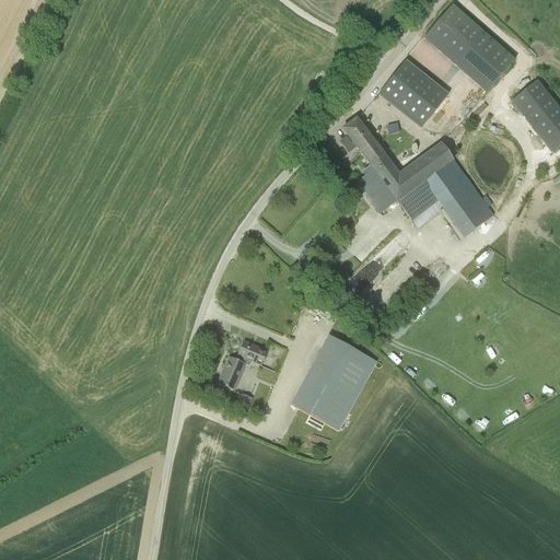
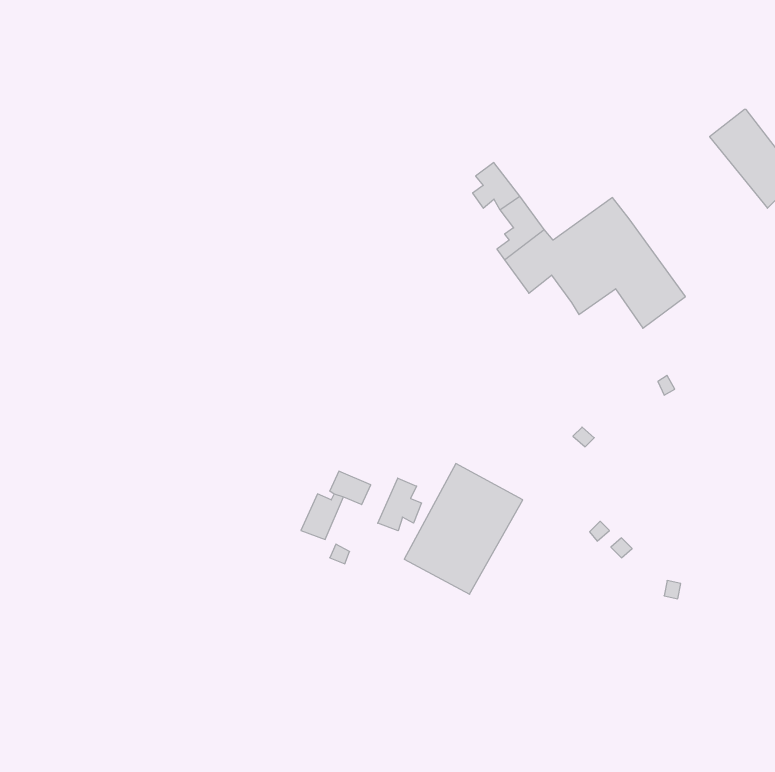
building: [425,7,513,89] -> none
building: [380,57,448,125] -> none
building: none -> [378,478,422,531]

